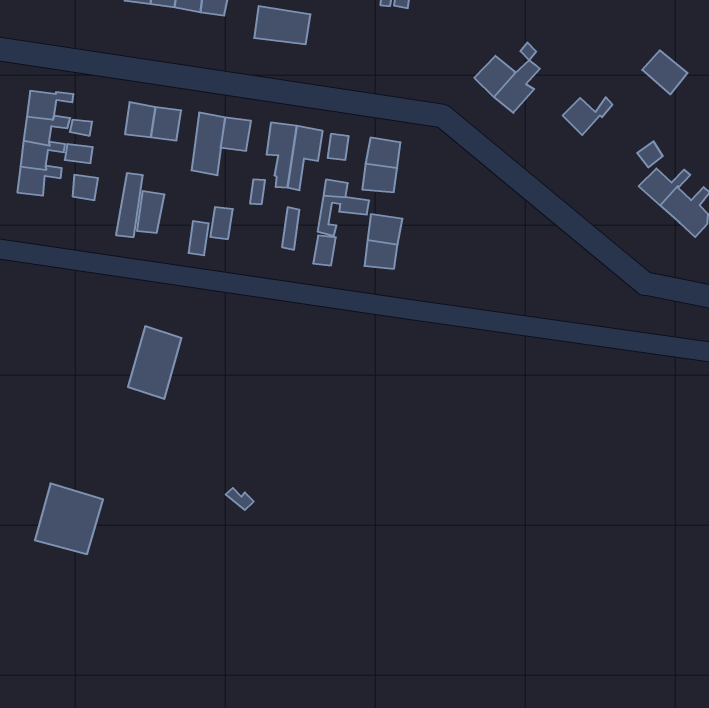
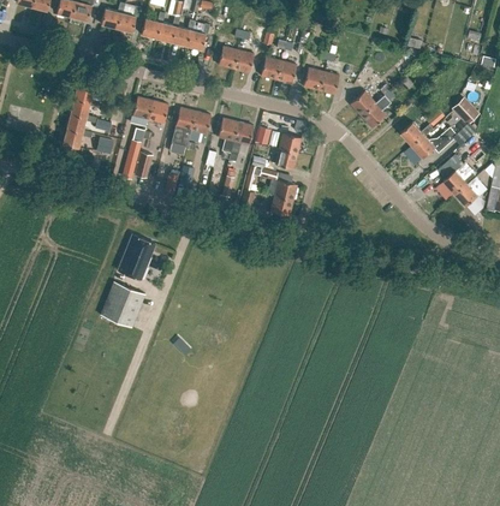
building: none -> [260,56,296,83]
building: none -> [303,67,339,94]
building: none -> [412,127,458,157]
building: [35,483,103,554] -> [100,281,144,327]

